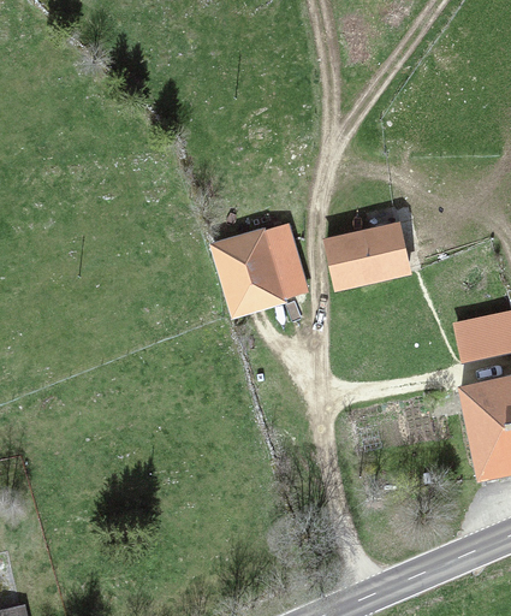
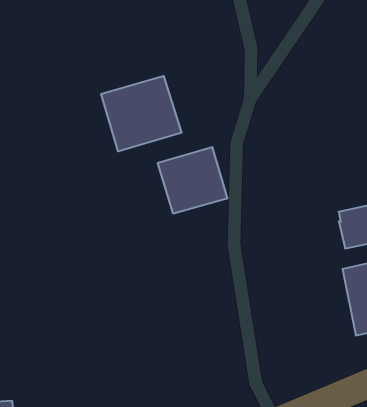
building: none -> [101,76,182,151]
building: [326,225,408,289] -> none

